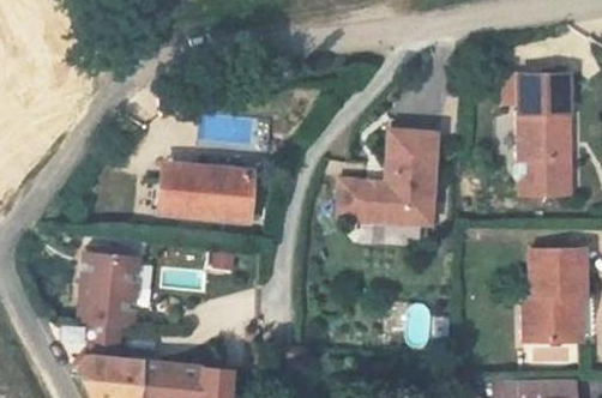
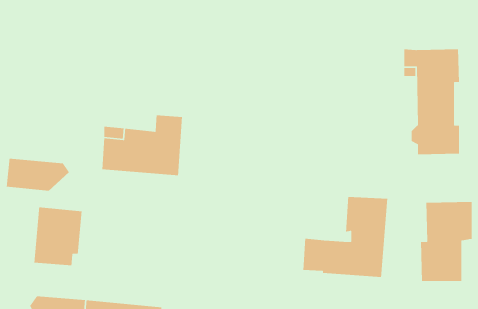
building: [339,132,438,225] -> [302,196,388,278]
building: none -> [6,158,70,191]

